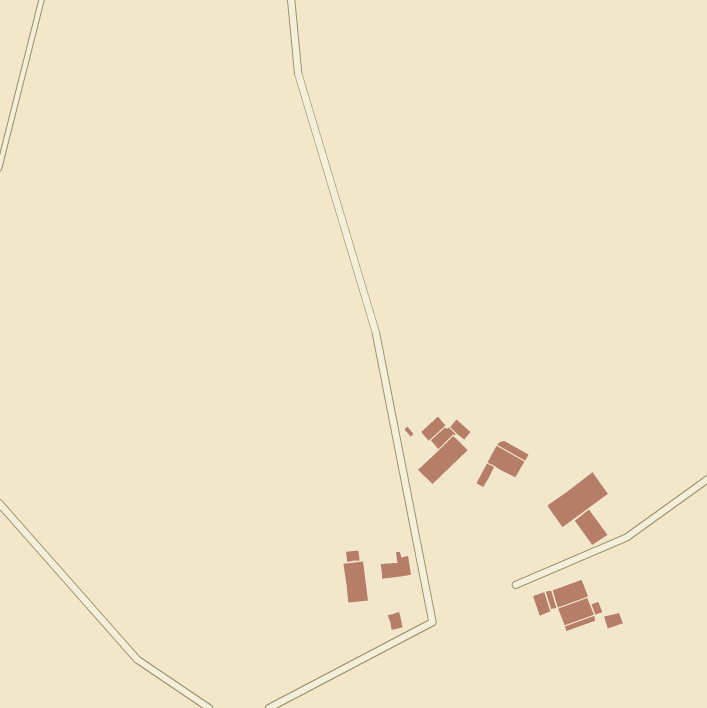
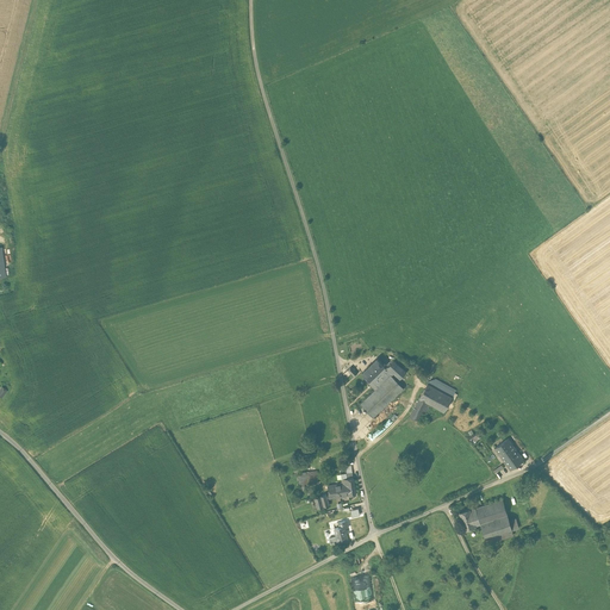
building: [546,471,609,528] -> none
building: [343,561,368,603] -> none

